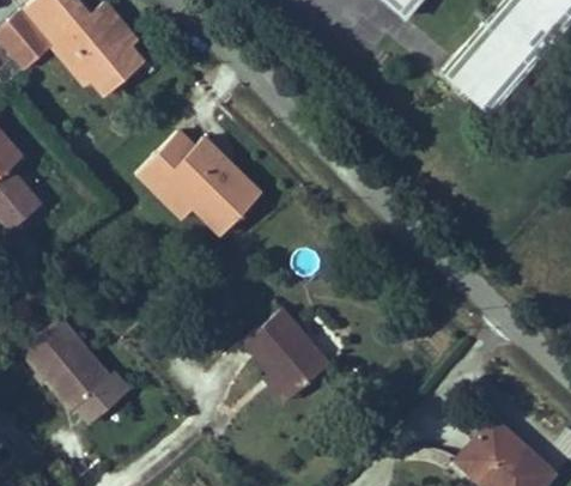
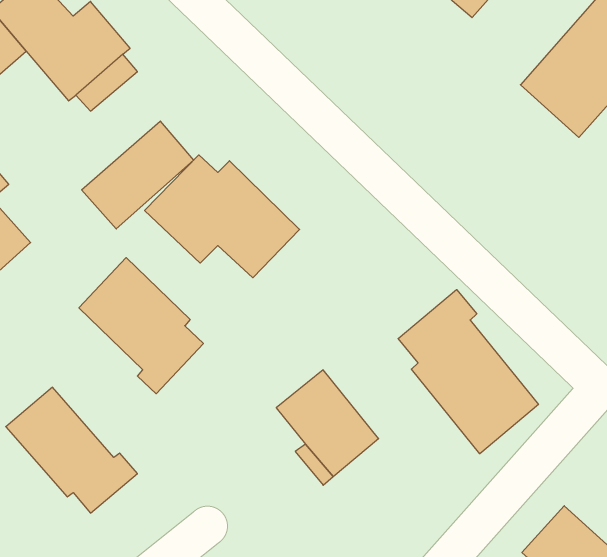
building: none -> [82,121,194,229]
building: none -> [79,258,203,394]
building: none -> [398,290,538,454]

